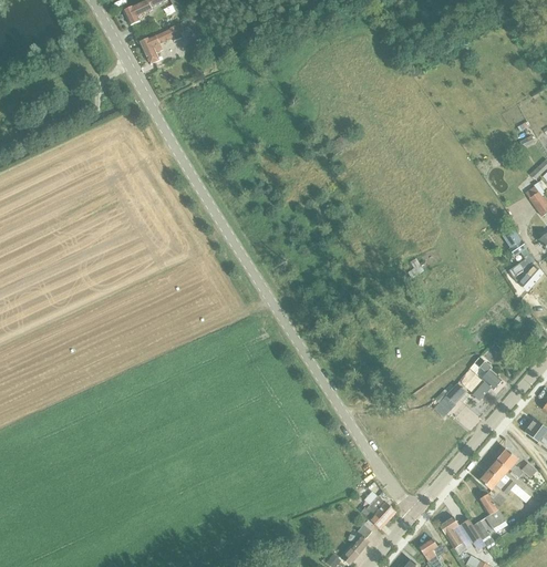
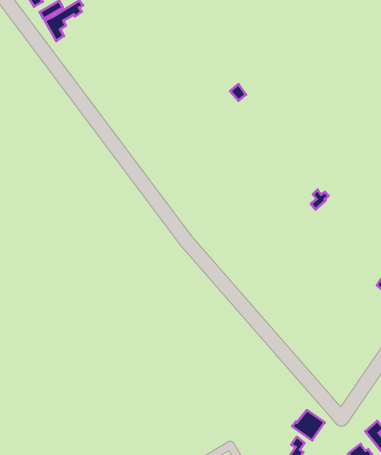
building: [433,383,464,416] -> none

